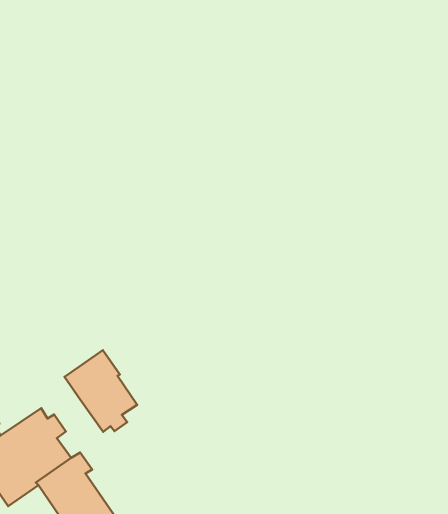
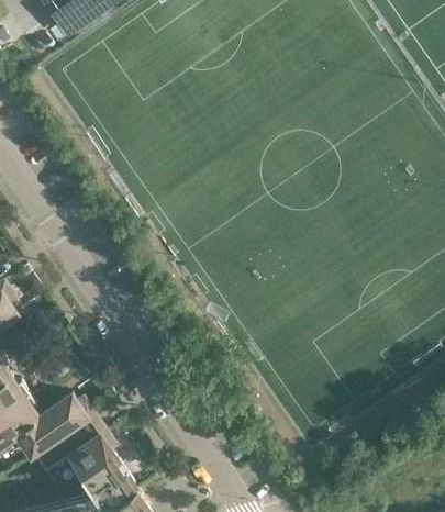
building: [65,350,137,432] -> none

